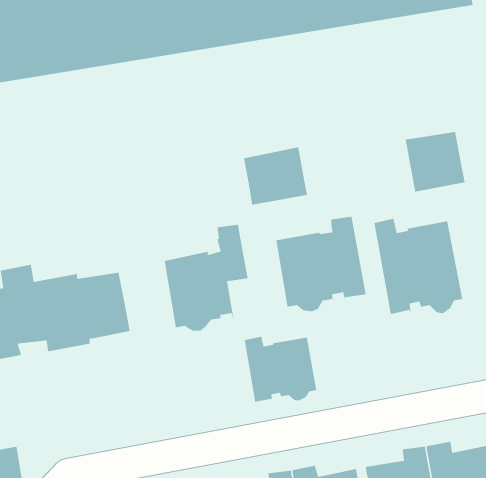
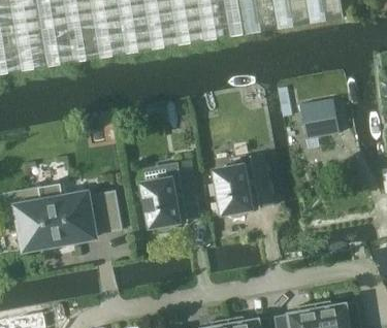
building: [244,147,308,205] -> none
building: [374,216,463,315] -> none
building: [244,335,317,403] -> none

